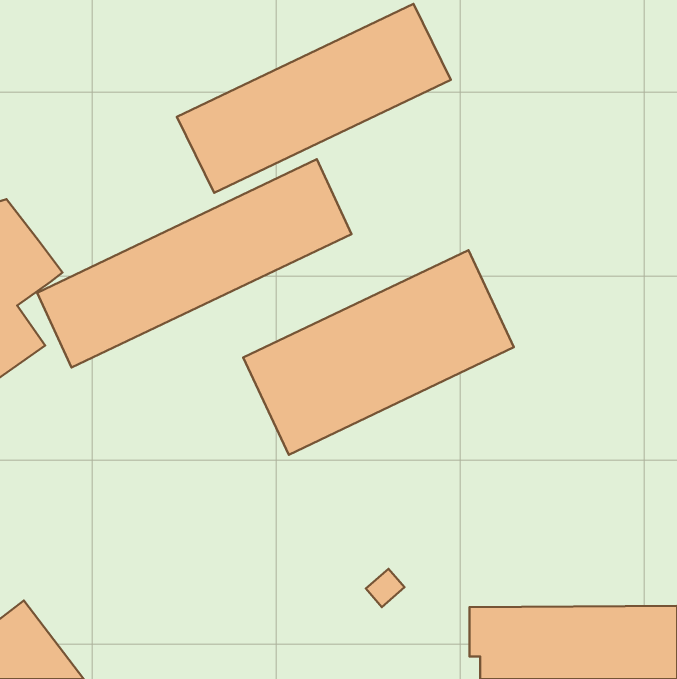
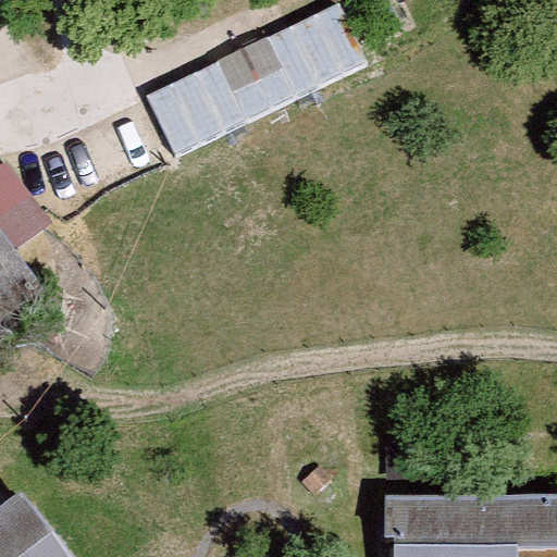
building: [37,159,351,368] -> none
building: [243,250,514,455] -> none

